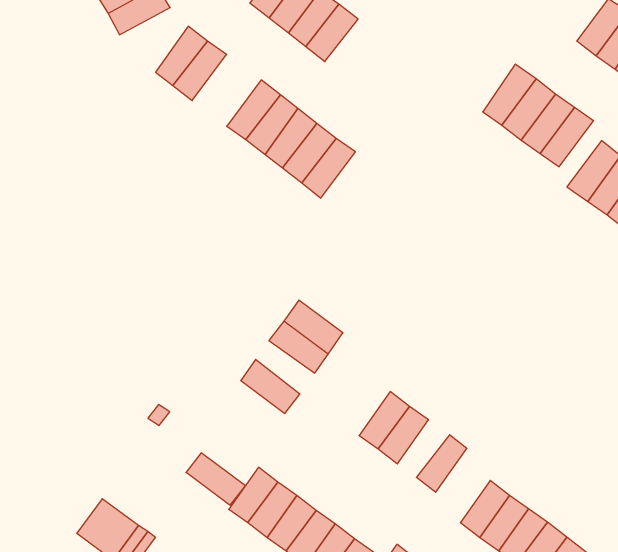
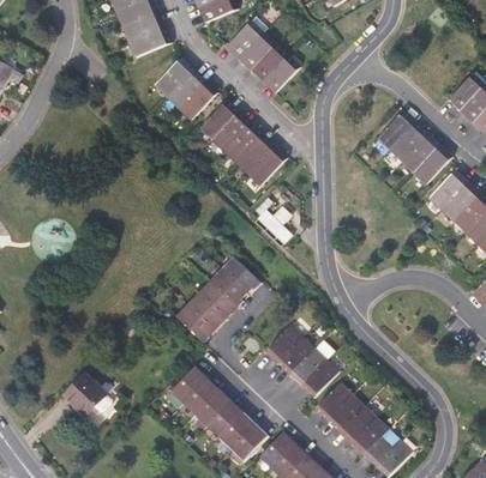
building: none -> [178,79,217,119]
building: none -> [199,279,239,319]
building: none -> [288,347,326,386]
building: [186,453,245,505] -> [175,304,215,343]
building: none -> [313,382,350,420]

